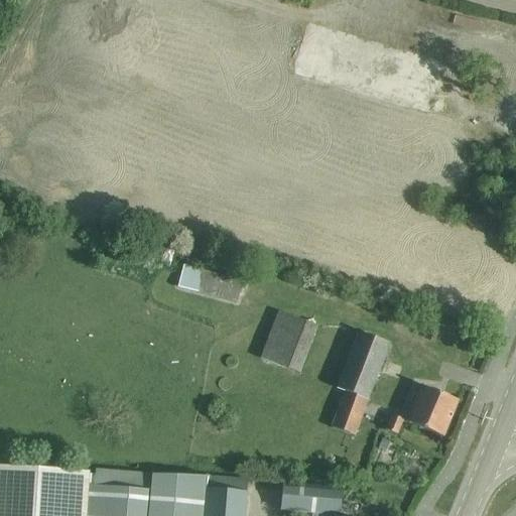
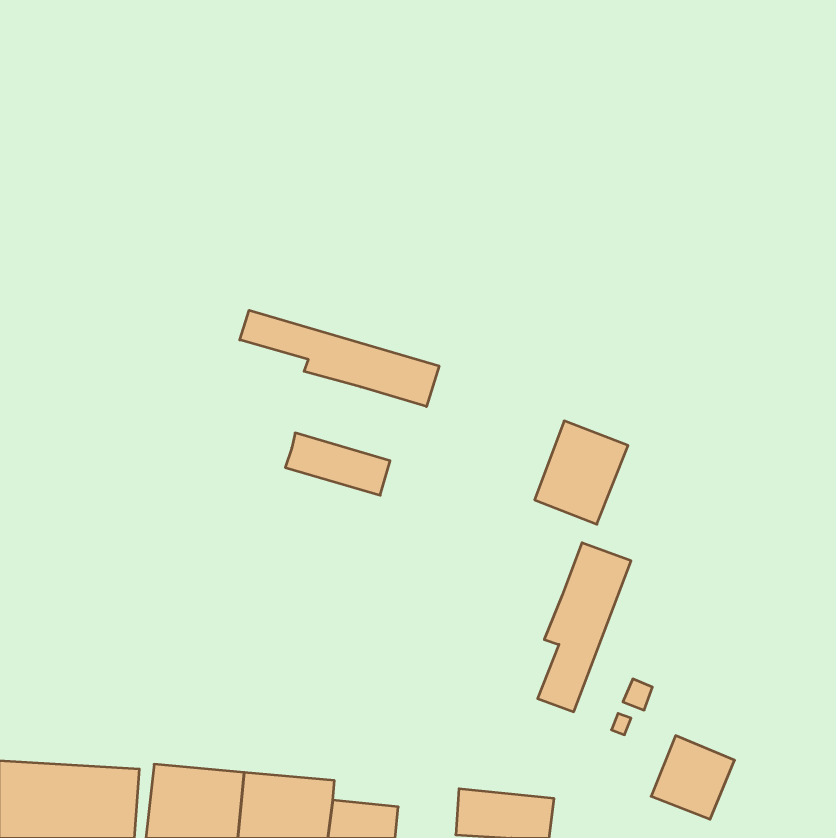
building: none -> [240,310,439,407]
building: [262,305,319,369] -> [535,421,628,524]
building: [406,387,458,438] -> [651,736,735,819]

